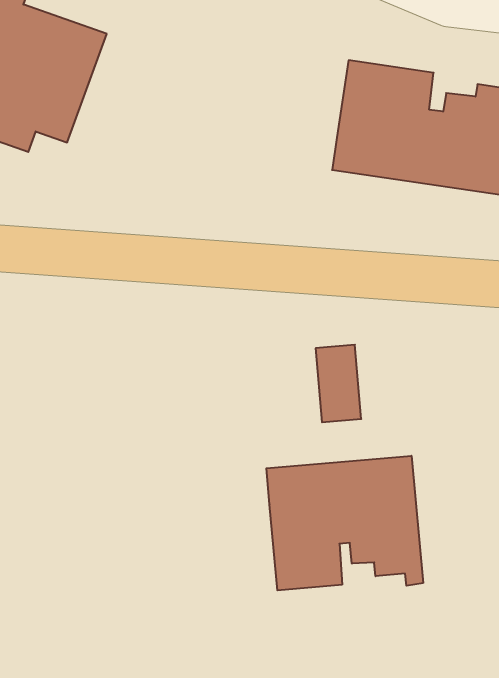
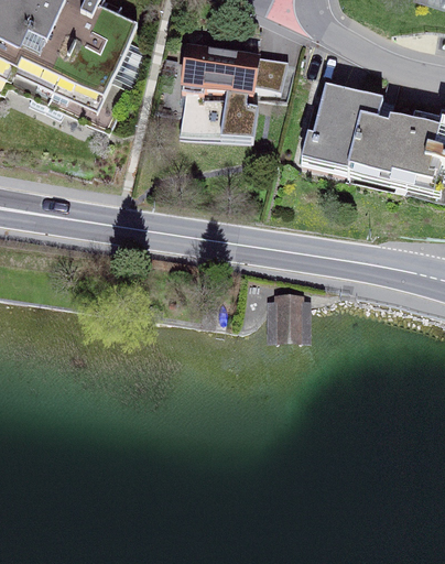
building: none -> [178,42,295,135]
building: [266,456,423,590] -> none

